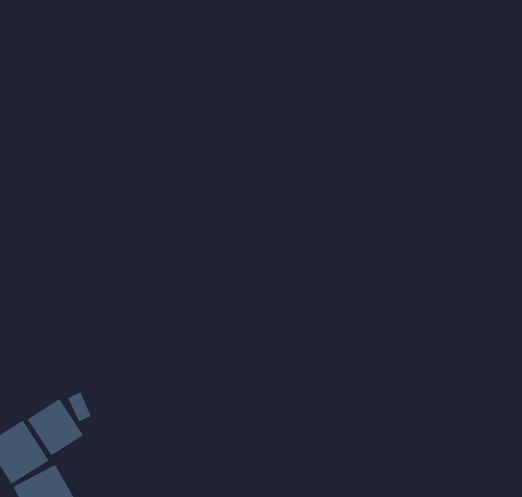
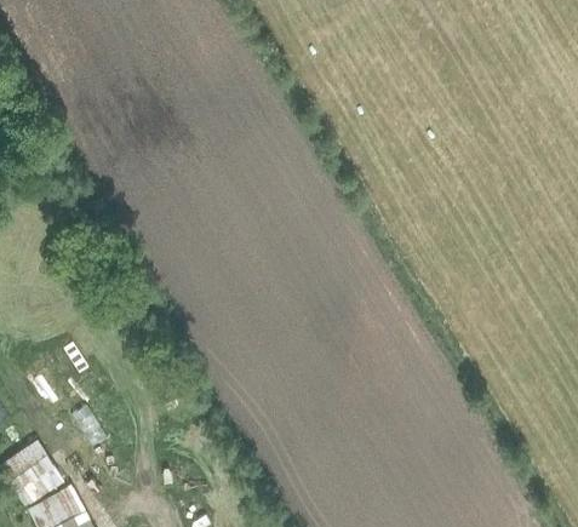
building: [27,398,84,456] -> none

